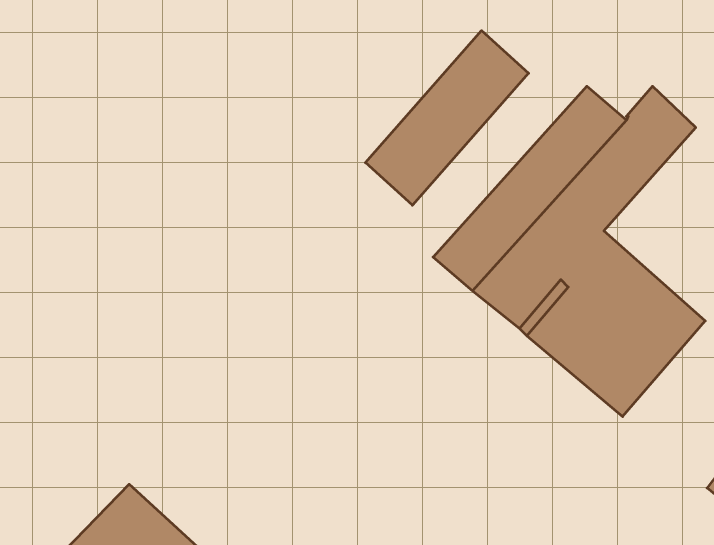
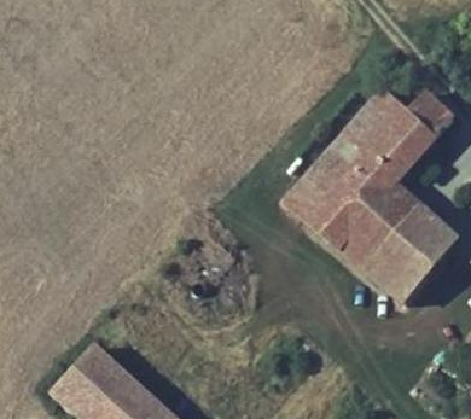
building: [365,31,529,205] -> none

